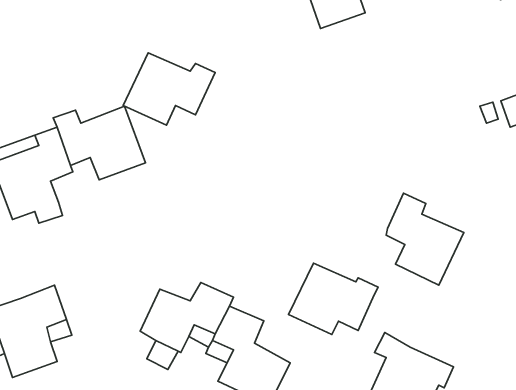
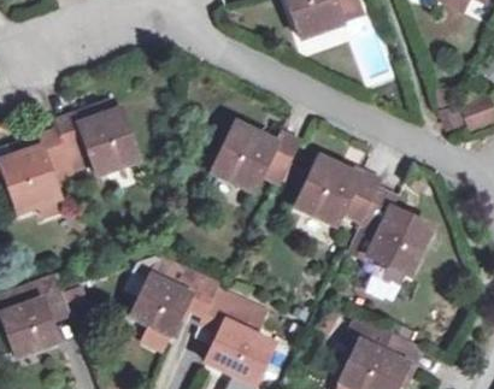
building: [123,53,215,125] -> [214,124,299,190]
building: [289,263,378,334] -> [296,159,378,224]

